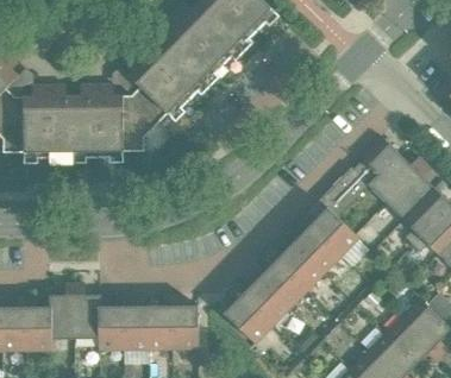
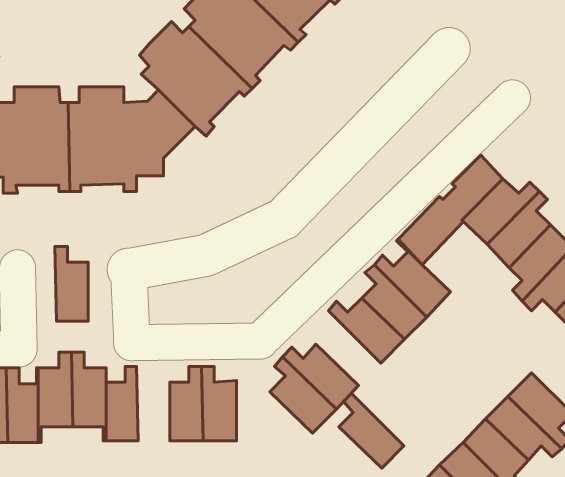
building: [257,252,306,308] -> [339,393,404,468]
building: [123,294,148,349] -> [55,246,88,321]

